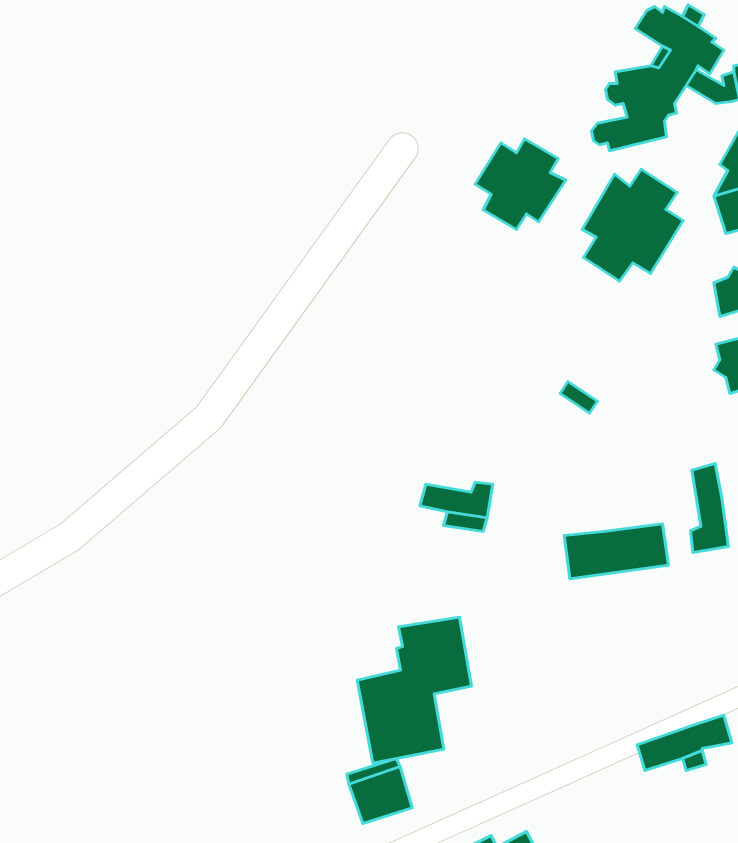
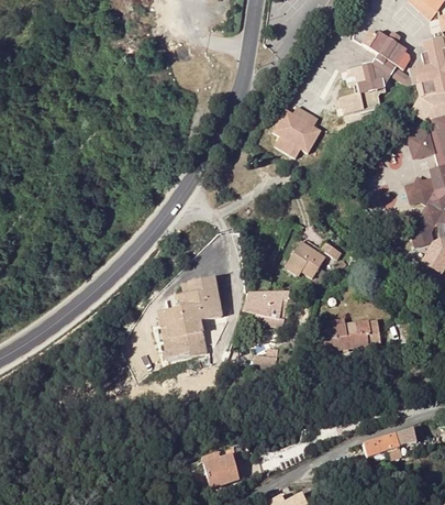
building: [582,169,683,281] -> none
building: none -> [285,241,325,277]
building: [690,464,729,553] -> none
building: [357,617,471,763] -> [157,278,221,360]

